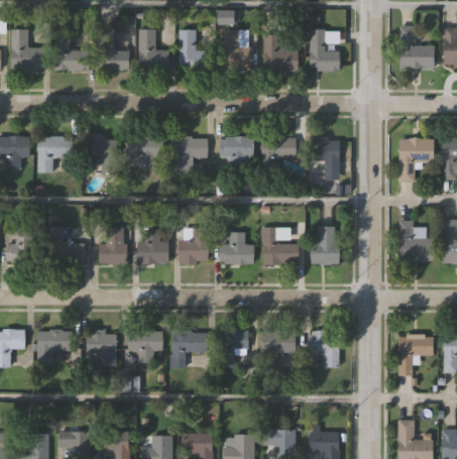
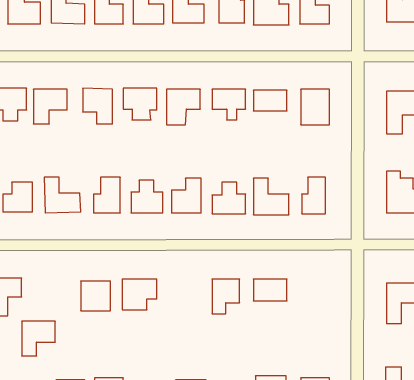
building: [37,331,72,366] -> [22,321,55,356]
building: [174,332,208,363] -> none
building: [310,332,340,367] -> none

